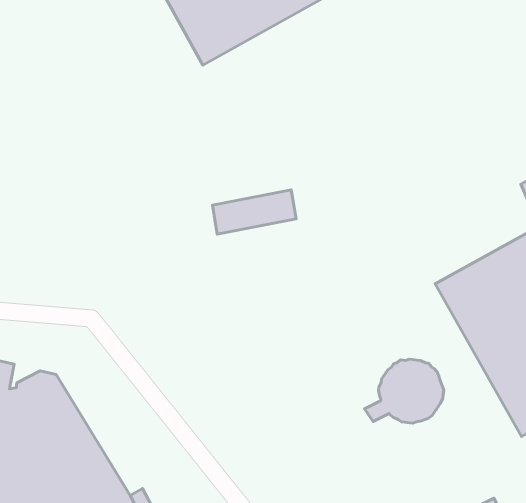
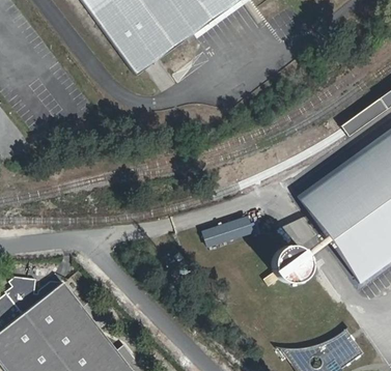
building: [212,190,296,234] -> [206,212,259,246]

